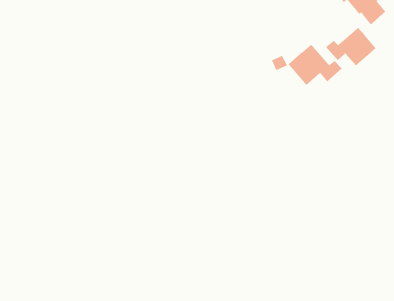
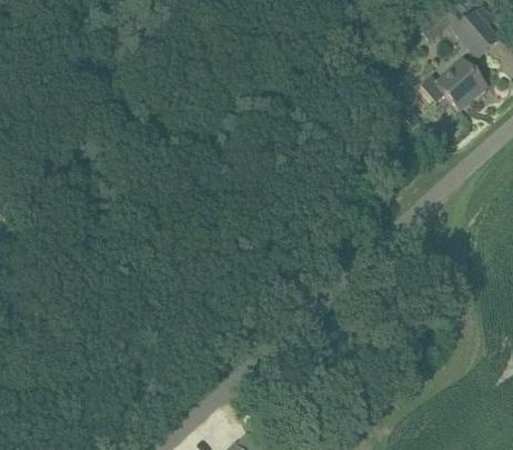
building: [288,44,343,86] -> none

